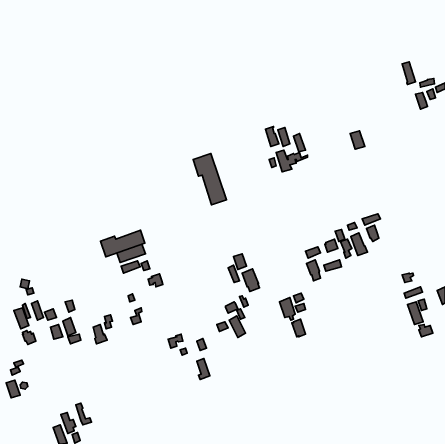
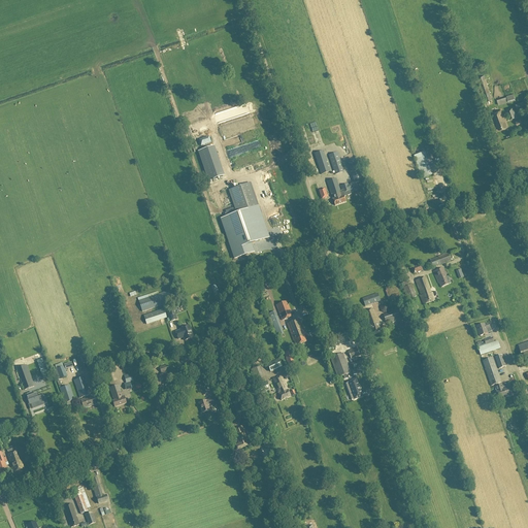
building: none -> [198,144,224,179]
building: none -> [222,207,254,257]
building: [101,230,145,257] -> none

